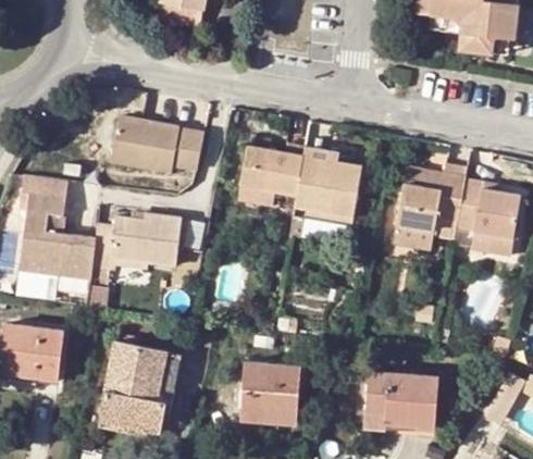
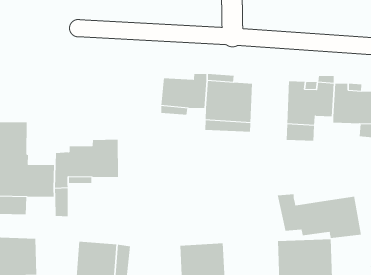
building: [113,114,204,171] -> none
building: none -> [277,193,362,239]

